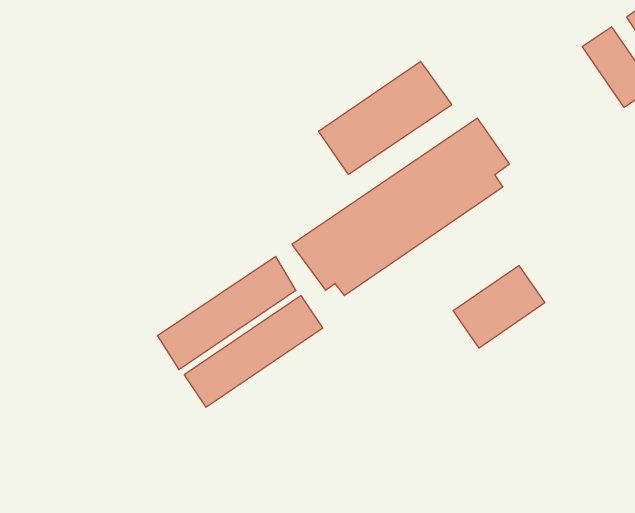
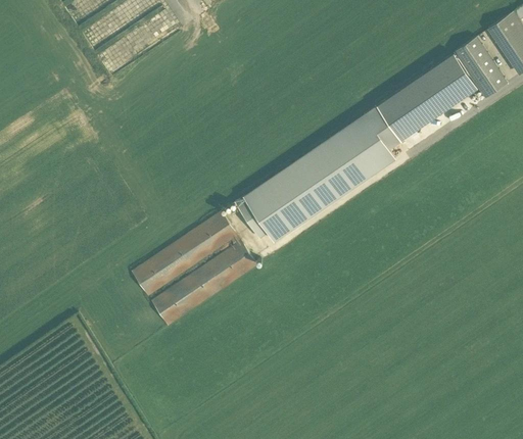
building: [319,61,452,174] -> [377,53,478,139]
building: [453,266,545,348] -> none

